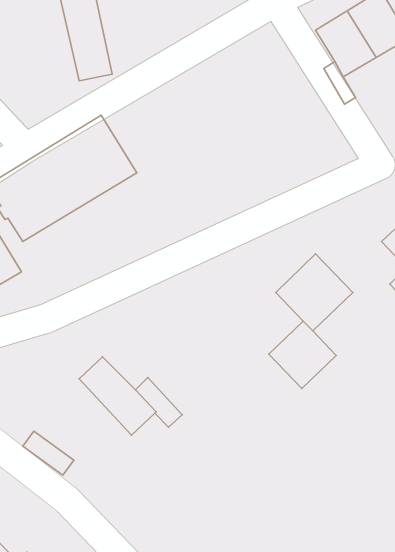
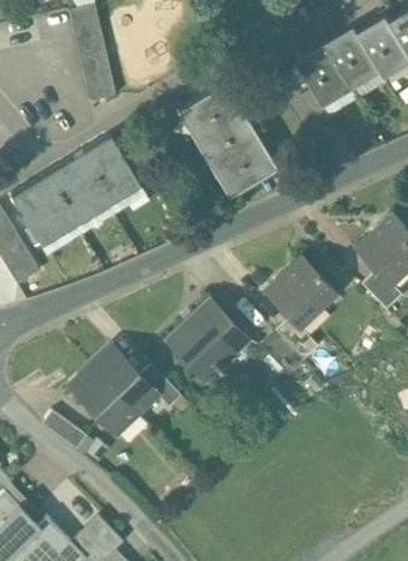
building: none -> [182,84,277,198]
building: none -> [162,298,247,384]
building: none -> [71,367,137,435]

